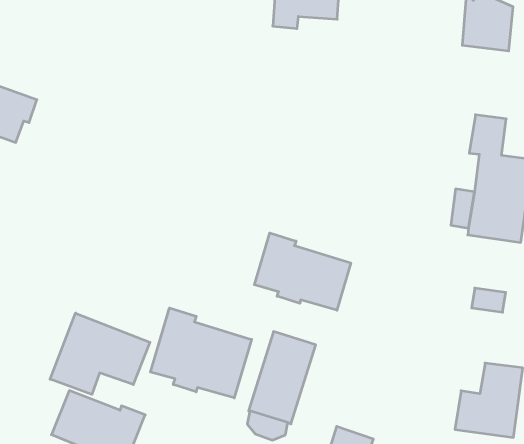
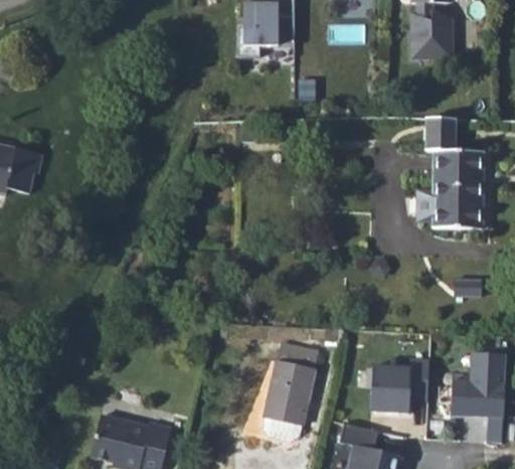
building: [254,233,351,310] -> none
building: [150,308,252,398] -> none
building: [50,313,150,394] -> none
building: none -> [368,355,425,411]

